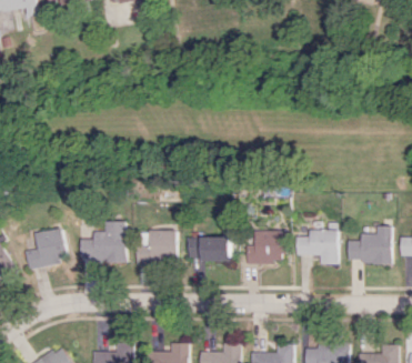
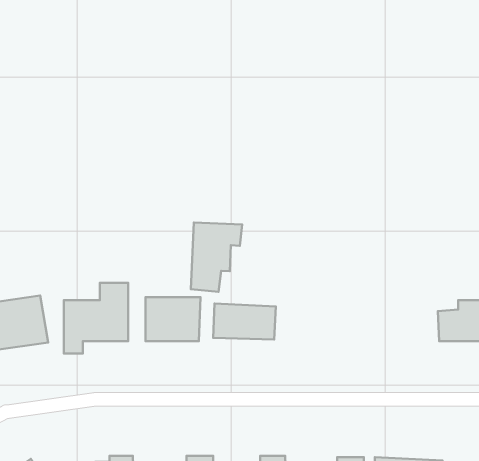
building: none -> [191,222,242,292]
building: [298,230,339,264] -> none
building: [248,231,289,264] -> none

